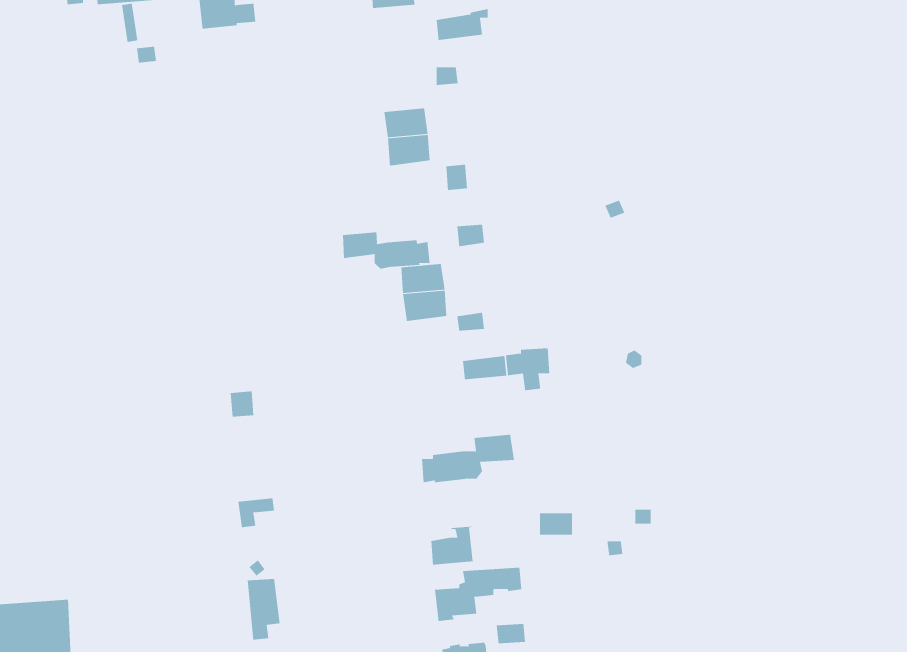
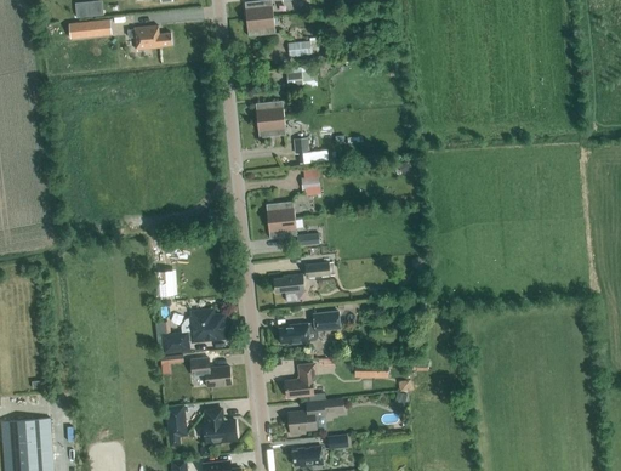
building: [342,231,430,269] -> none
building: [505,348,550,391] -> [274,273,303,301]
building: none -> [163,310,226,351]
building: none -> [190,356,230,385]
building: none -> [203,407,237,442]

